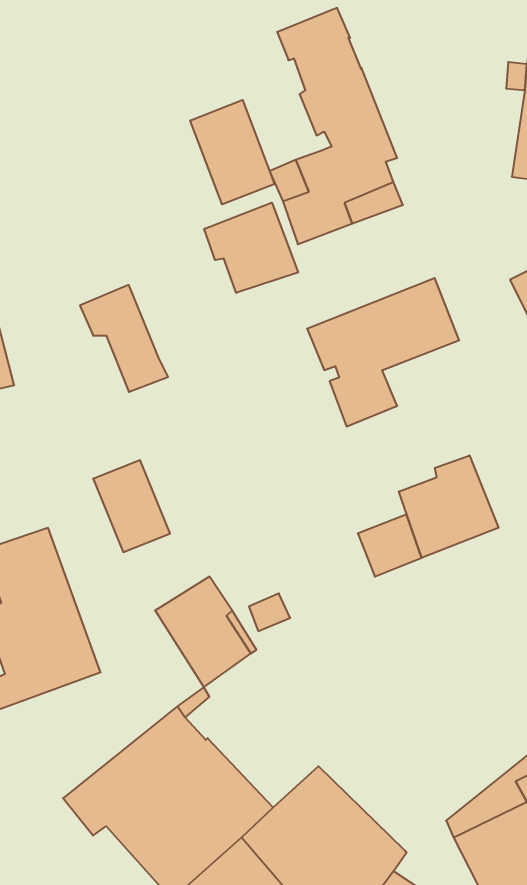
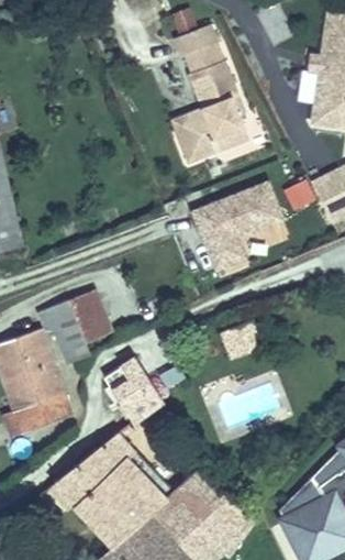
building: [190,100,274,204] -> none
building: [204,203,298,293] -> none
building: [80,285,168,392] -> [38,300,90,363]
building: [399,455,498,558] -> none

